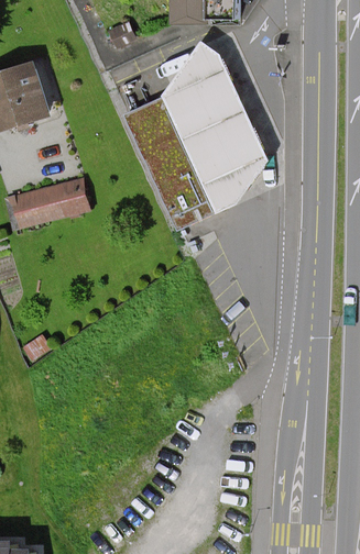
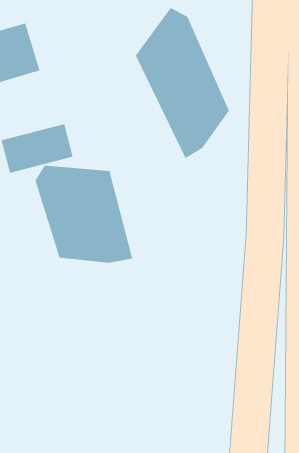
building: [126,97,215,230] -> none
building: none -> [35,165,133,263]

